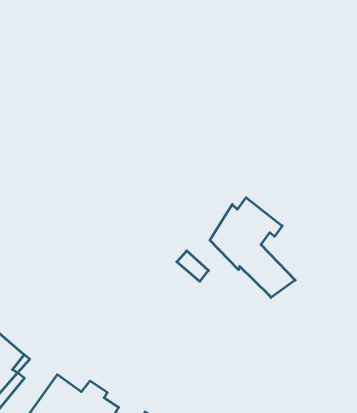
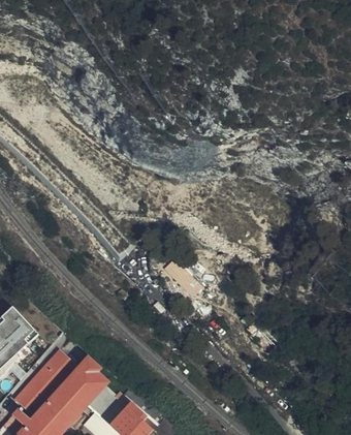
building: [210,198,295,298] -> none

